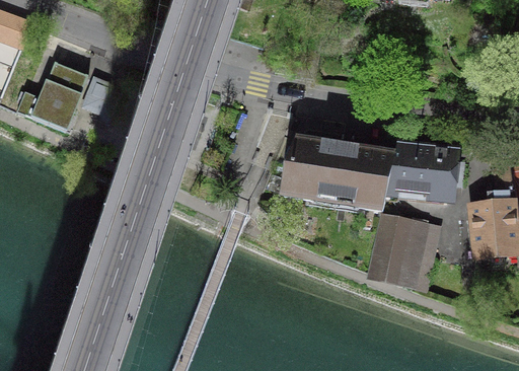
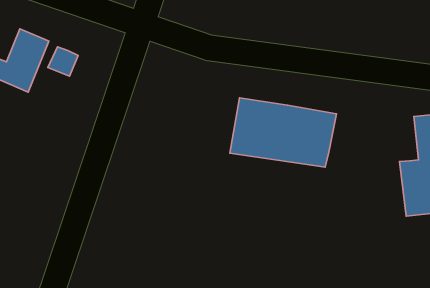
building: [388,141,462,201] -> none
building: [367,213,428,281] -> none

